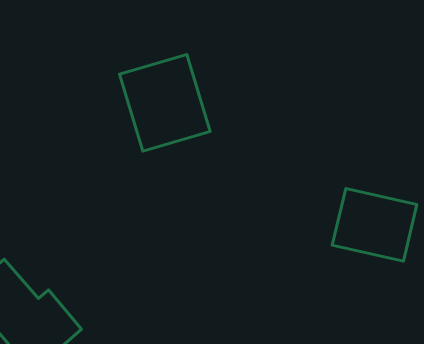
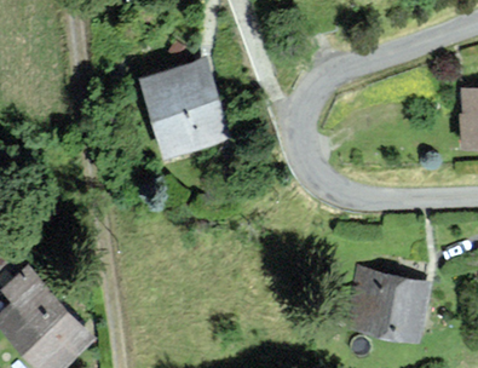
building: [332,189,417,261] -> [344,266,427,338]

